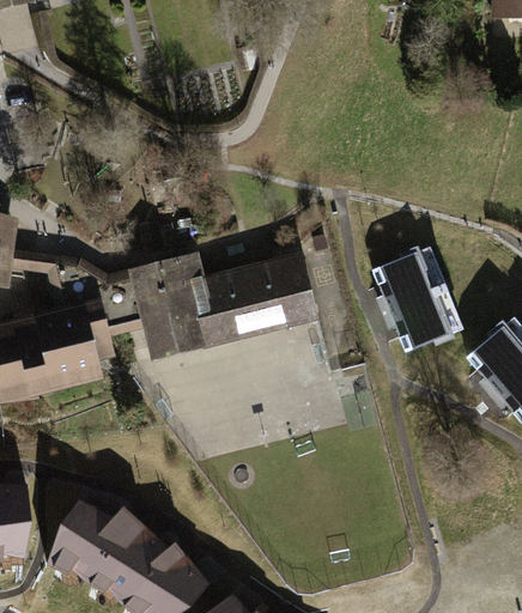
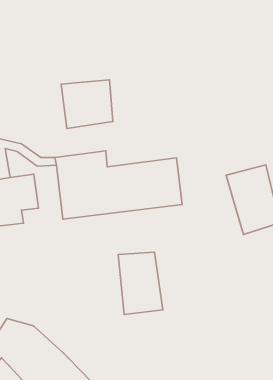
building: none -> [61,80,113,128]
building: none -> [118,252,163,315]

